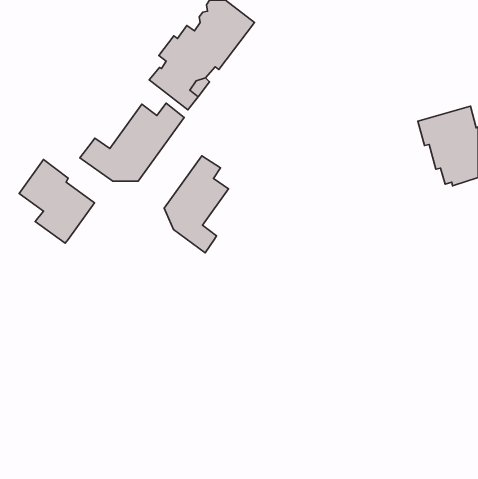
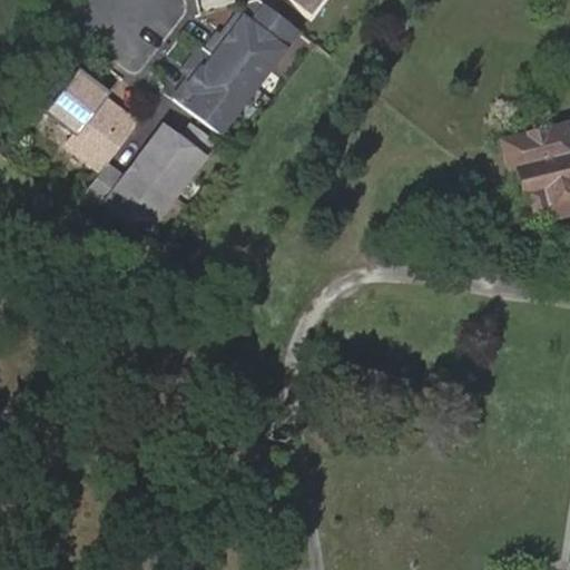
building: [164,156,228,253] -> none
building: [19,160,94,243] -> [55,70,144,169]

